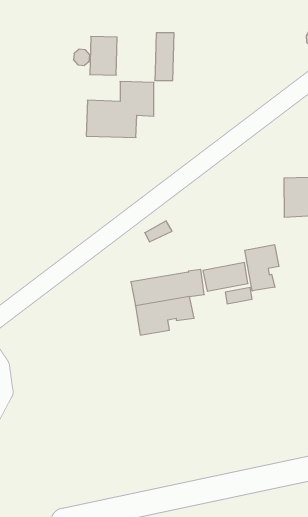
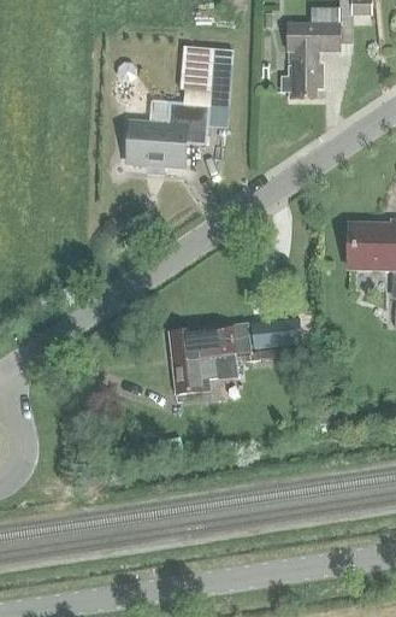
building: none -> [282,23,338,98]
building: [90,37,117,75] -> [179,46,213,92]
building: [245,245,279,291] -> none

